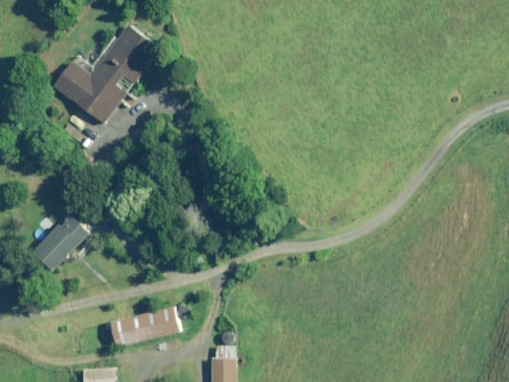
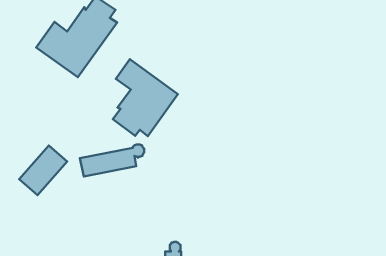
building: none -> [113,59,178,136]
building: [109,304,190,344] -> [80,145,144,177]

